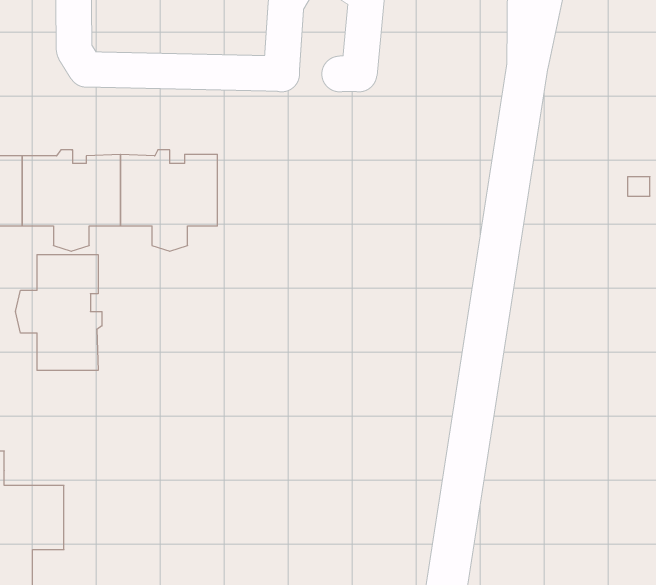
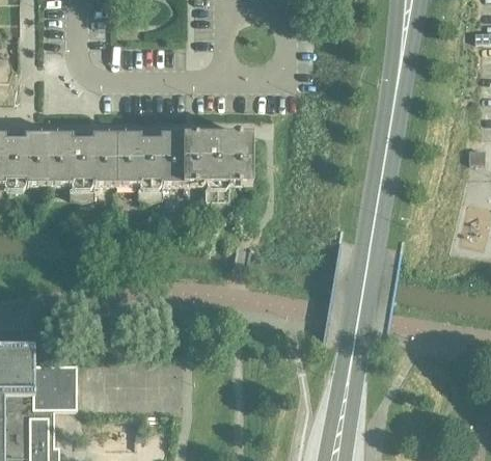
building: none -> [180,128,248,212]
building: [16,255,102,370] -> none

